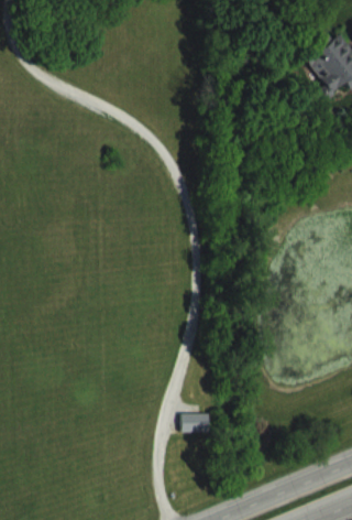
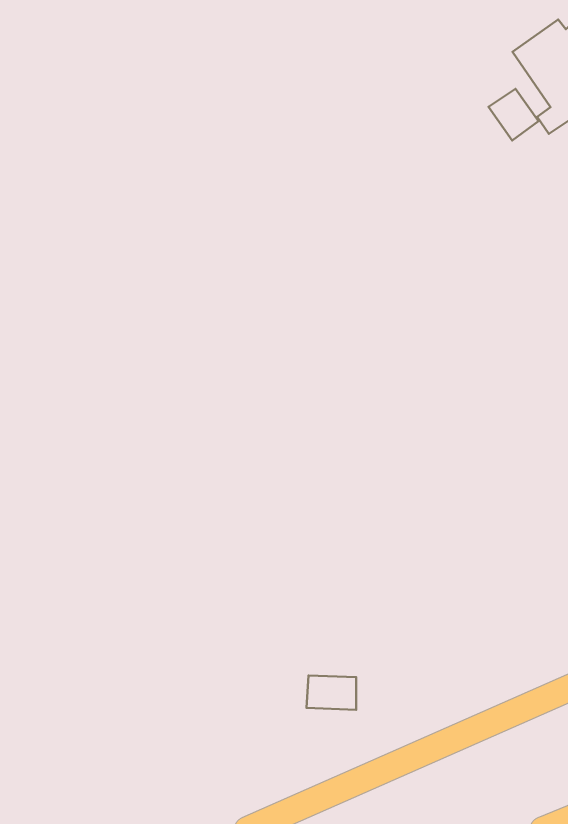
building: none -> [488,89,539,140]

